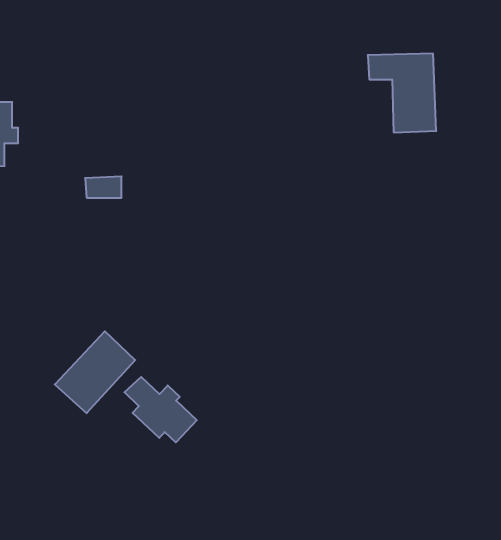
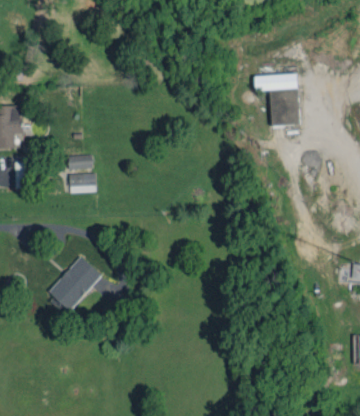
building: none -> [69,173,96,192]
building: [124,377,197,442] -> none

